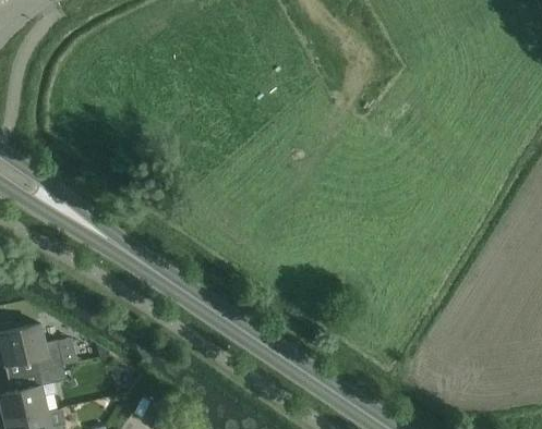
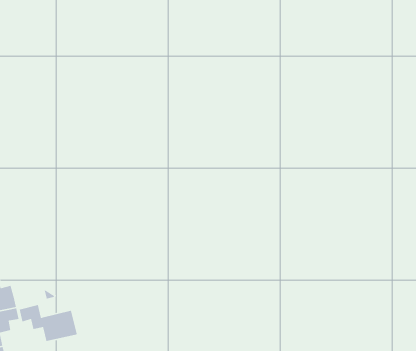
building: none -> [19,304,78,342]

